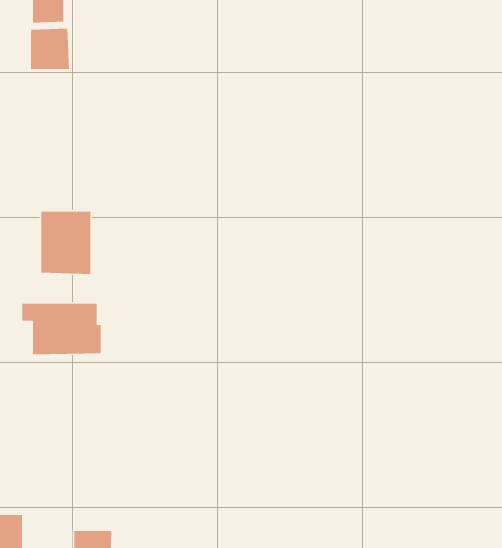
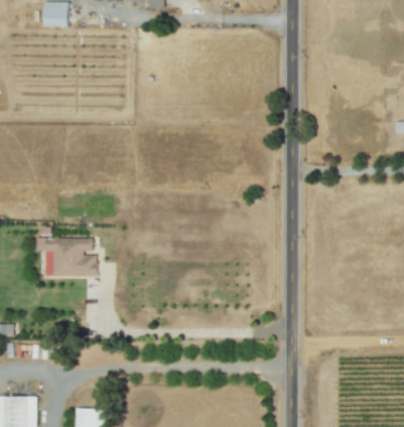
building: [30,28,70,70] -> none
building: [40,211,91,275] -> none

